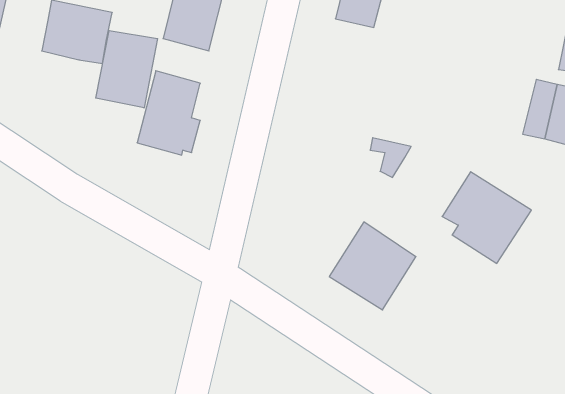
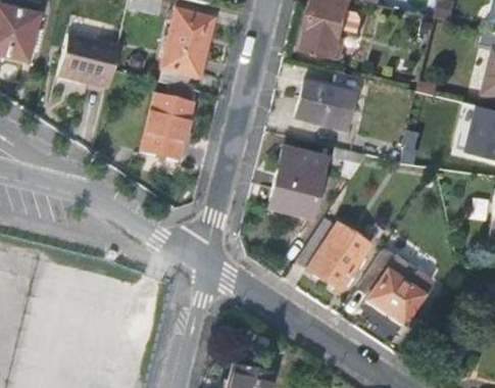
building: [96,31,158,108] -> none
building: none -> [296,78,355,128]
building: none -> [270,147,327,216]
building: [442,172,531,263] -> [359,249,433,325]

